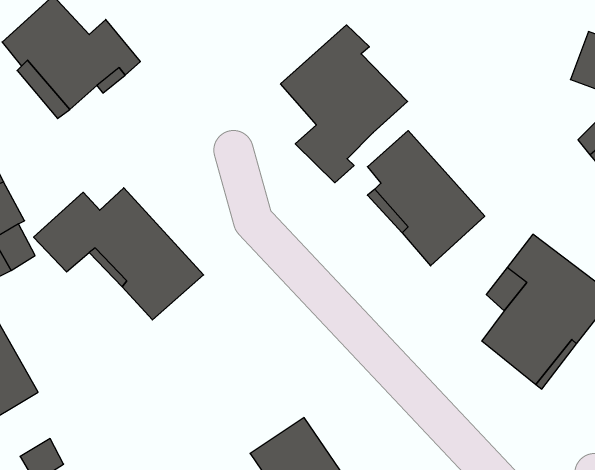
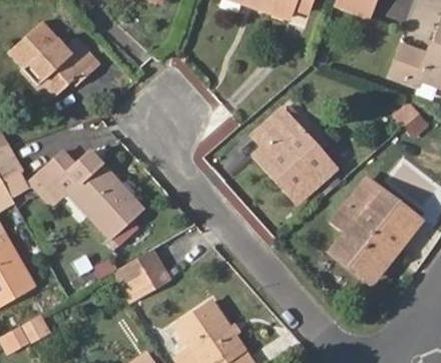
building: [281,25,408,183] -> none
building: none -> [109,248,169,300]

